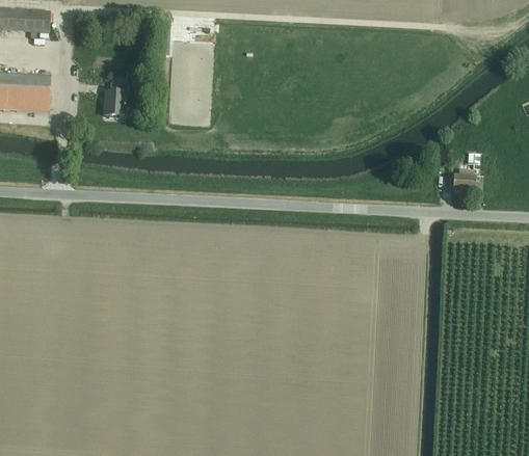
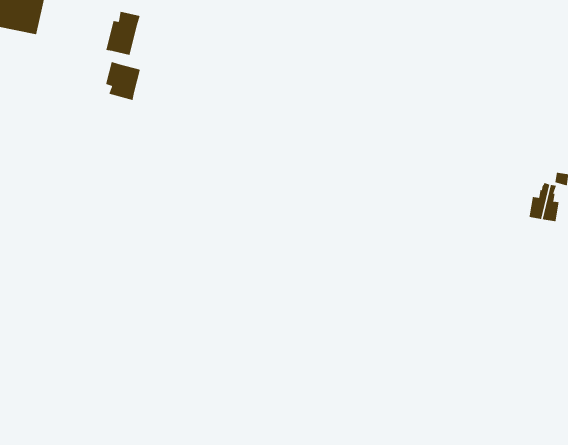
building: none -> [105,61,140,101]

